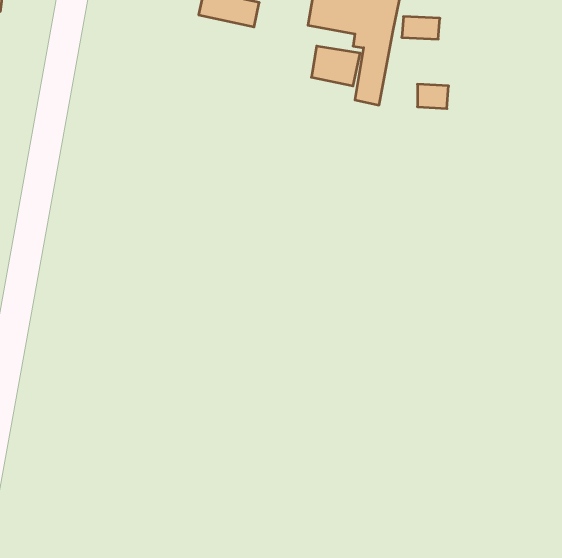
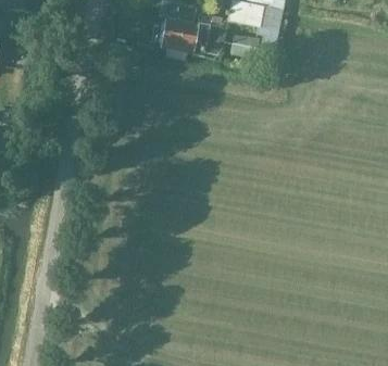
building: none -> [162,12,224,55]

